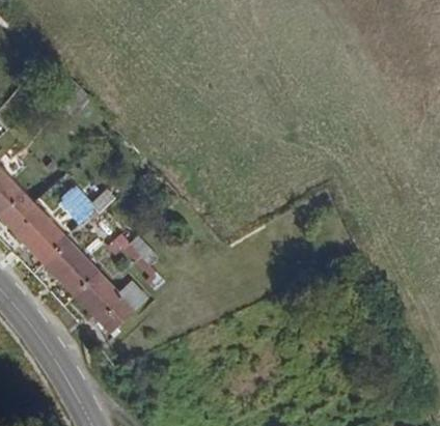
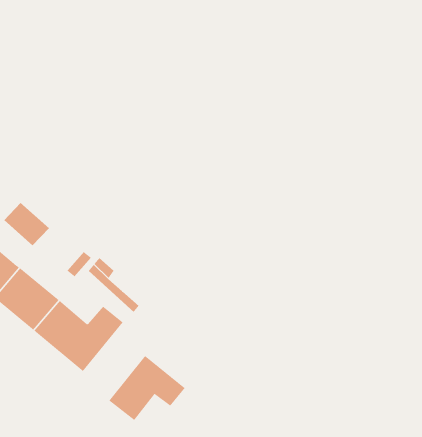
building: none -> [109,355,185,421]

